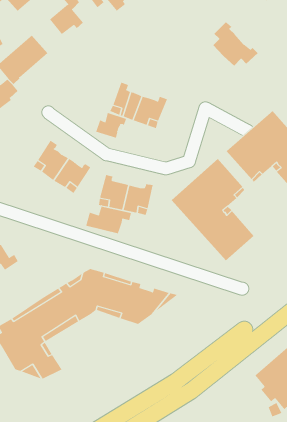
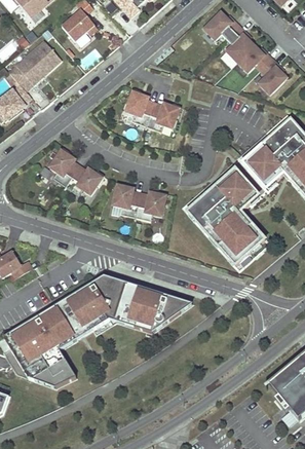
building: none -> [203,11,239,40]
building: none -> [259,59,287,95]
building: [96,112,127,138] -> none
building: [86,206,132,234] -> none

